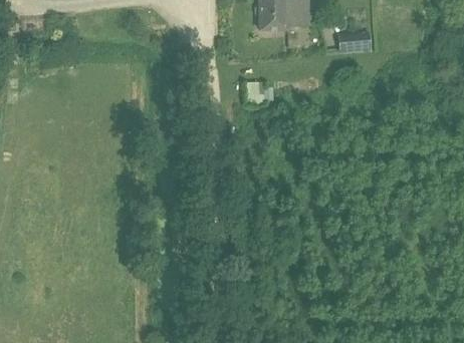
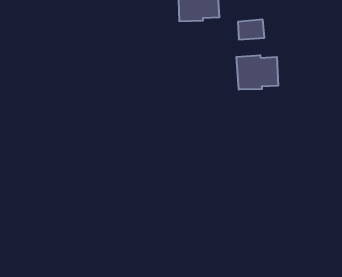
building: none -> [237,55,278,90]

